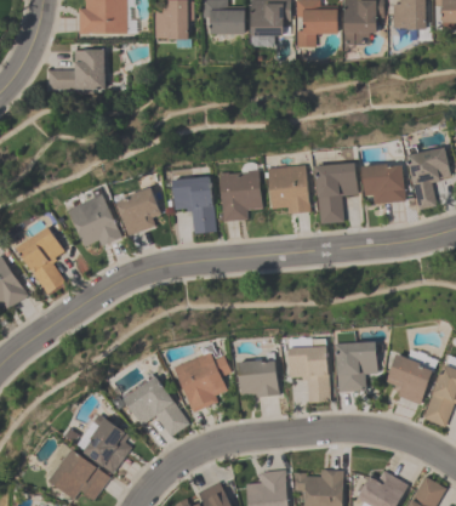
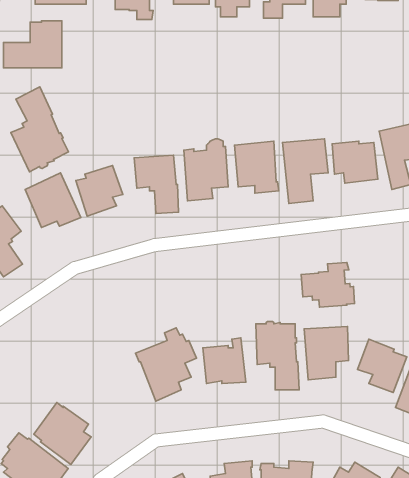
building: none -> [11,87,69,172]
building: none -> [301,262,355,307]
building: [122,374,189,437] -> none

